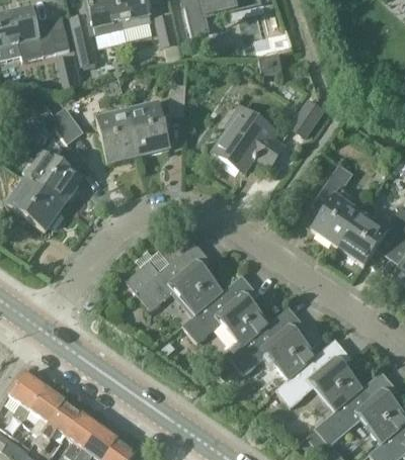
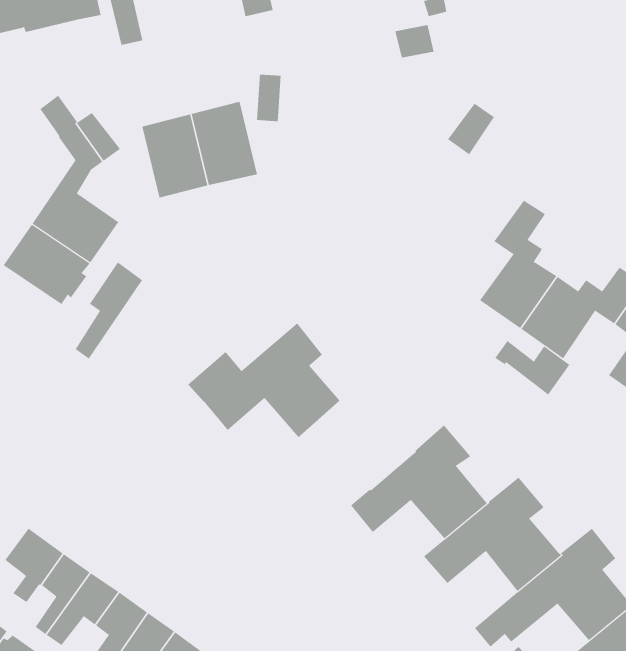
building: [215,107,281,171] -> none
building: none -> [75,261,143,360]
building: none -> [494,340,570,396]
building: [182,274,270,348] -> none

